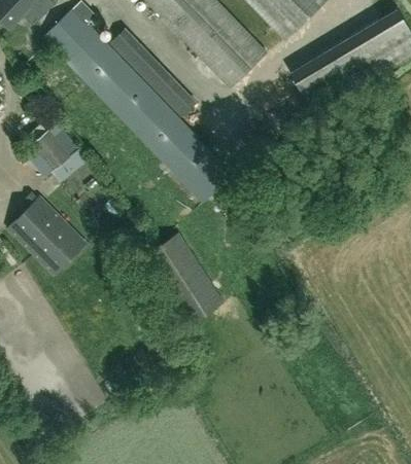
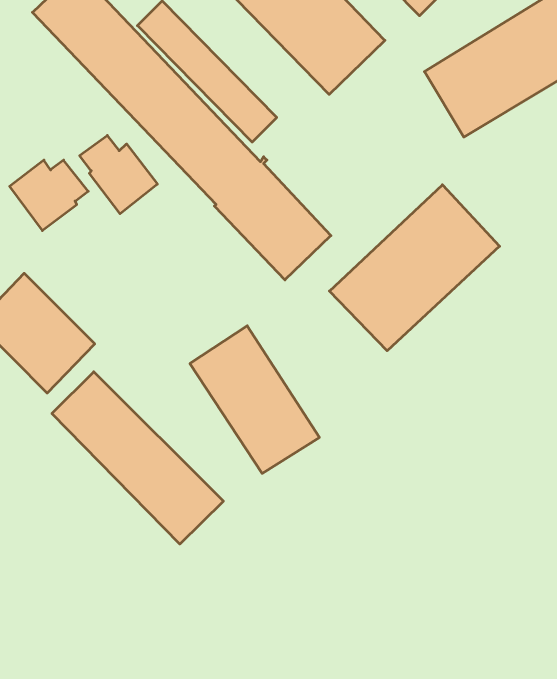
building: none -> [80,135,157,214]
building: none -> [329,185,500,351]
building: none -> [52,372,223,544]

